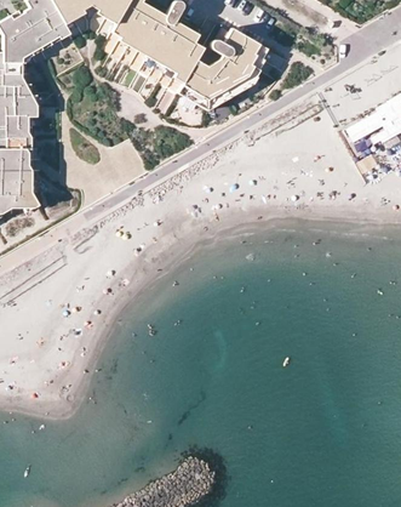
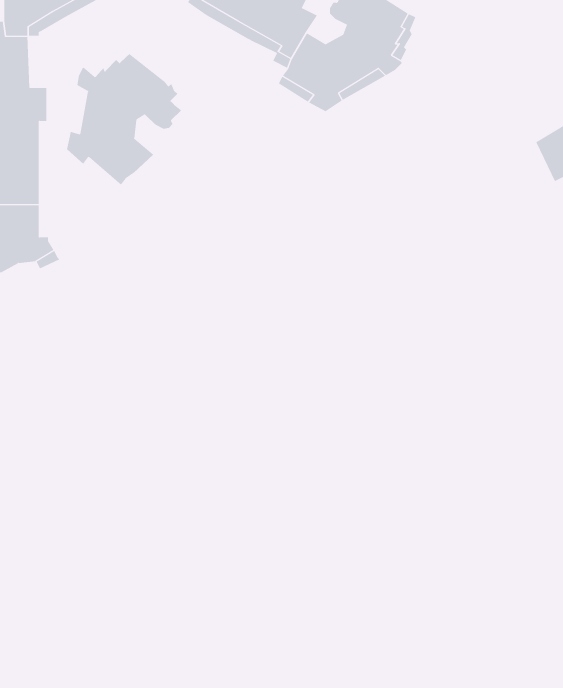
building: none -> [66,53,182,185]

